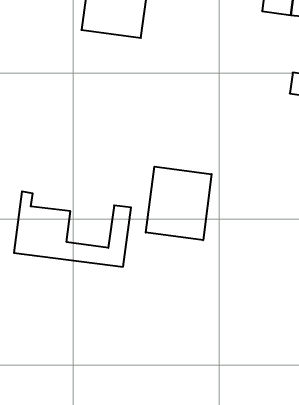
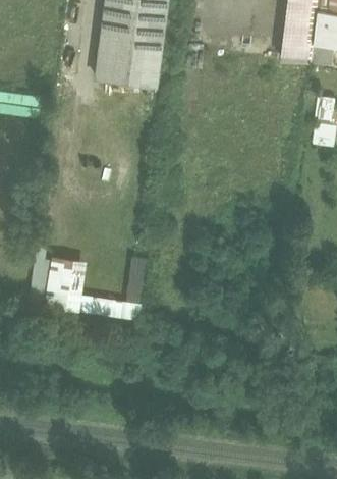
building: [146,167,212,240] -> none

